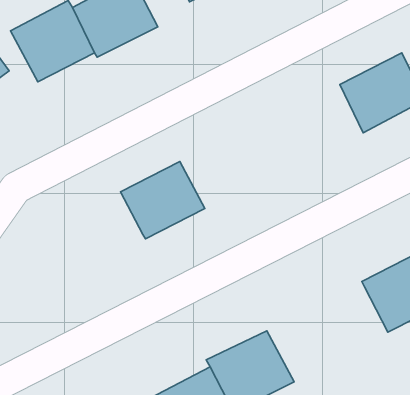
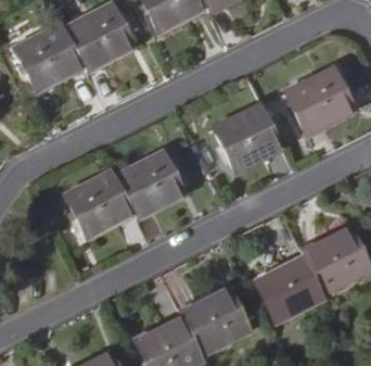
building: none -> [206,109,273,172]
building: none -> [60,177,125,238]
building: none -> [252,255,321,321]

